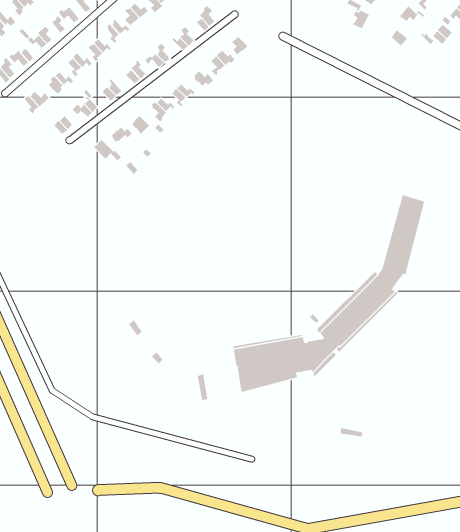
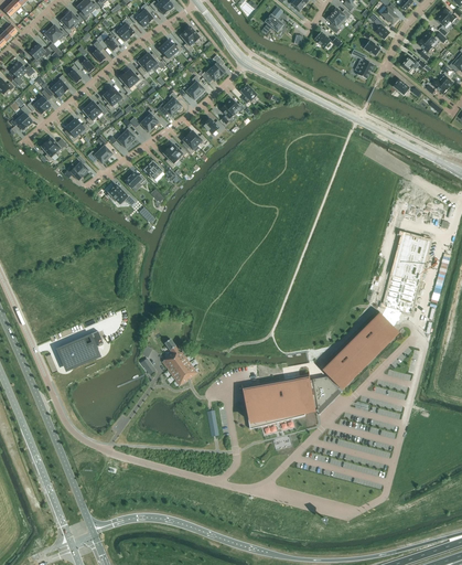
building: none -> [57,330,104,369]
building: none -> [162,338,197,385]

